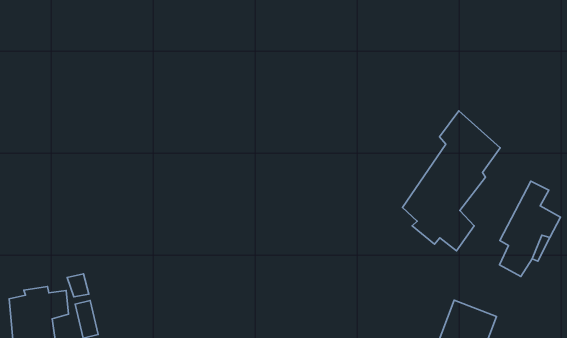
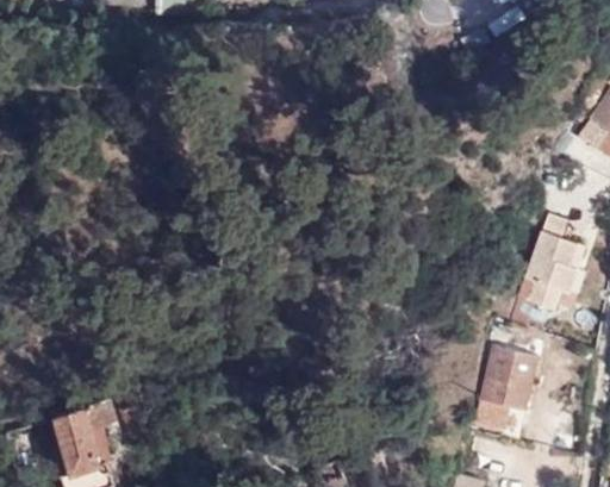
building: [402,111,500,251] -> none

